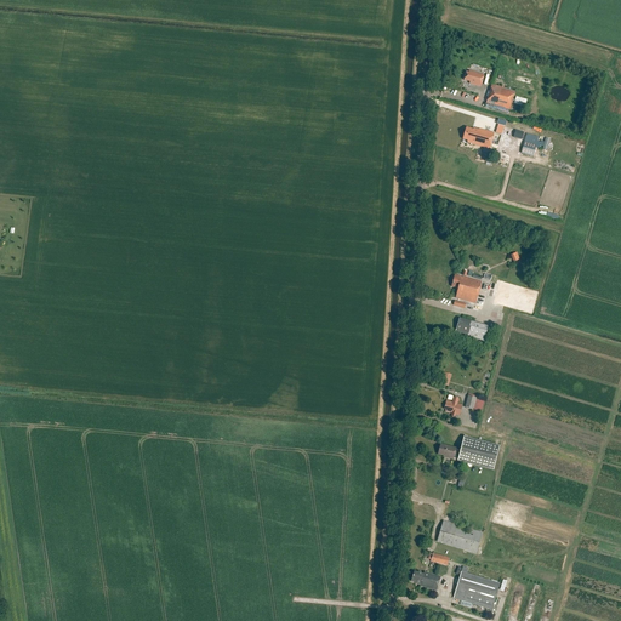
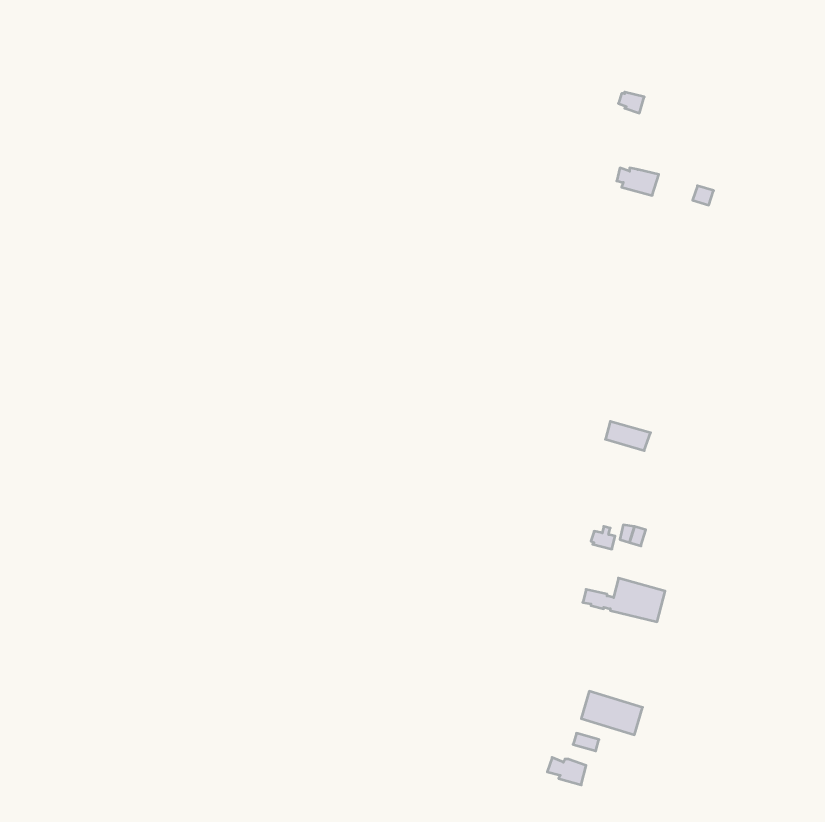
building: [486,81,515,109] -> none
building: [451,273,482,302] -> none
building: [454,570,500,608] -> none

